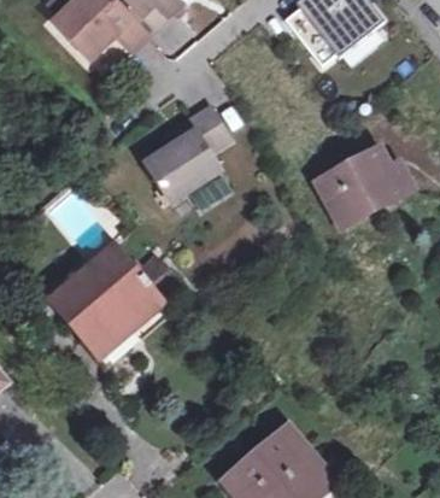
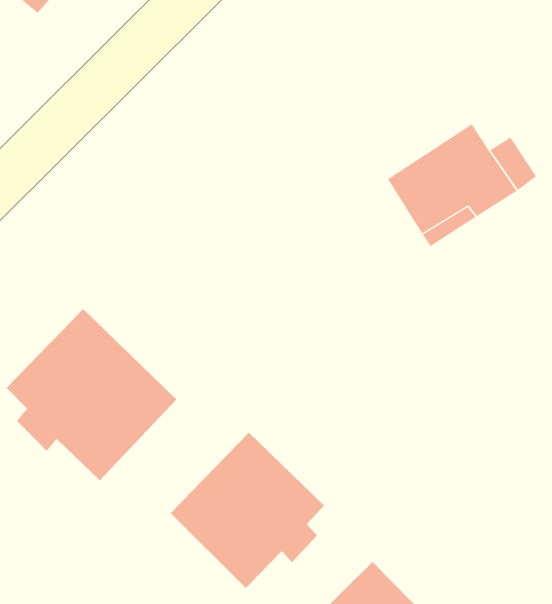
building: [142,106,228,203] -> none
building: none -> [170,432,325,589]

